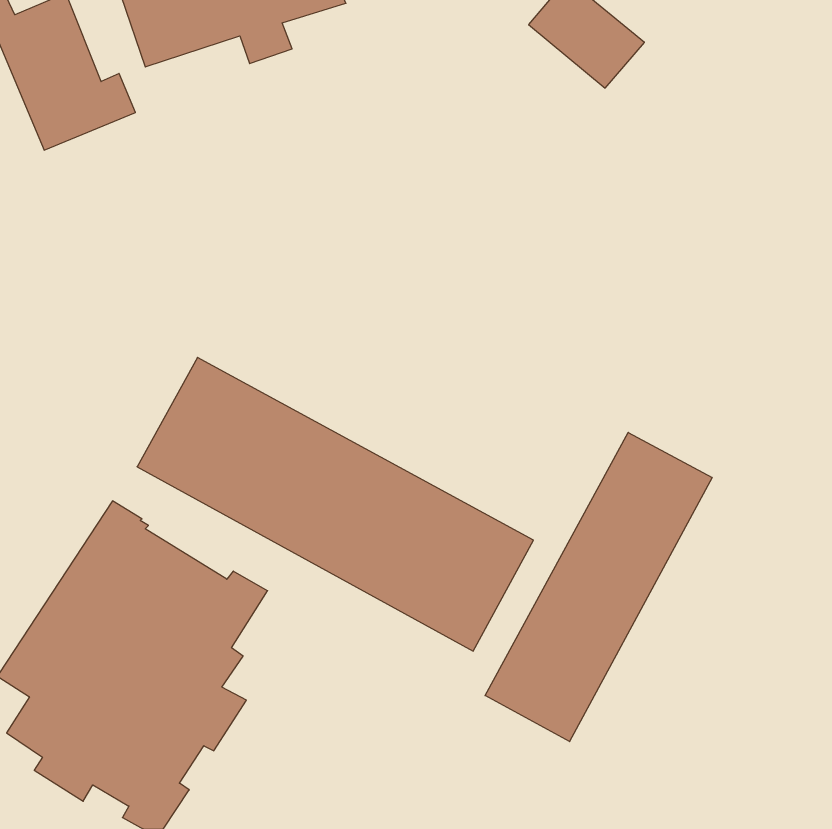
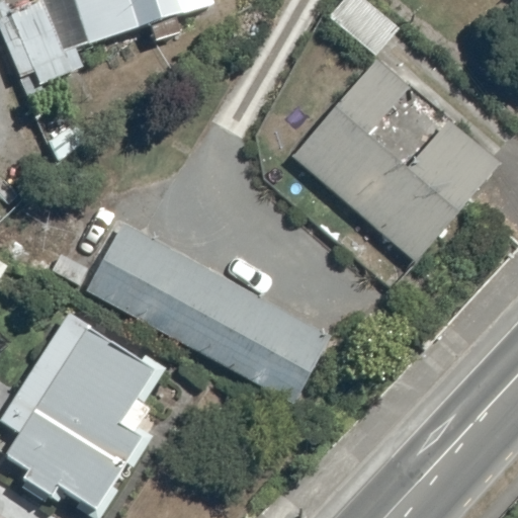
building: none -> [291,59,500,261]
building: [485,432,712,742] -> none

